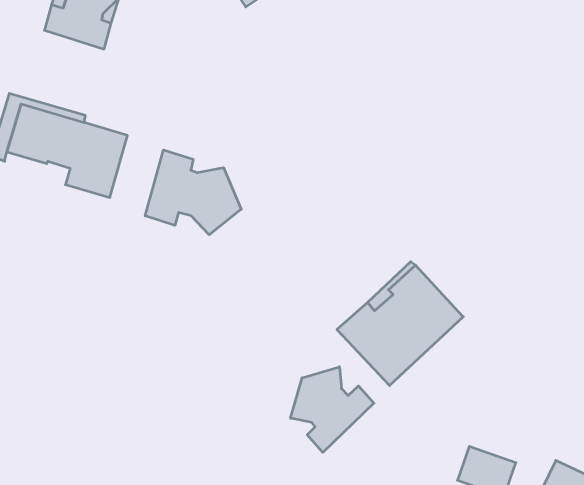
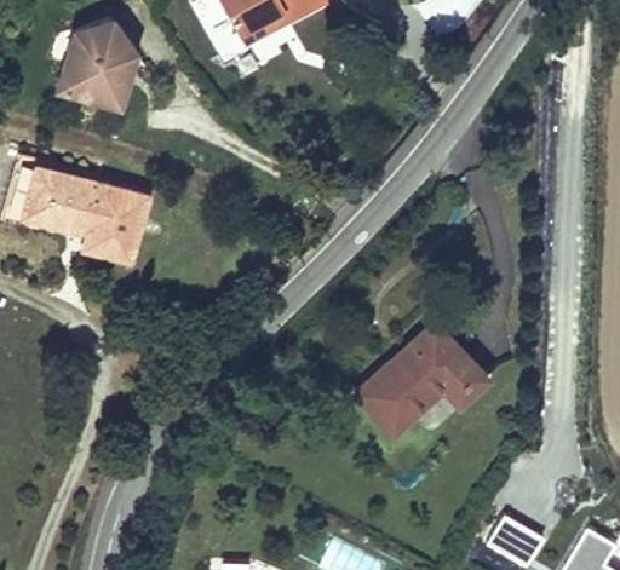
building: [145,150,241,235] -> none
building: [291,367,374,452] -> none

